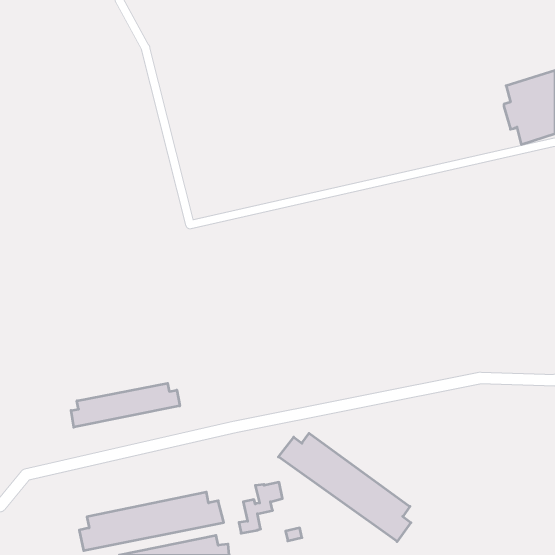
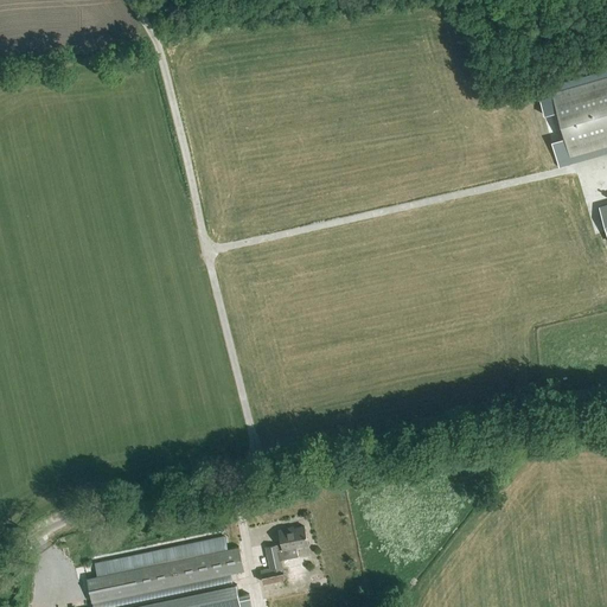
building: [71,383,180,427] -> none
building: [278,433,411,542] -> none

